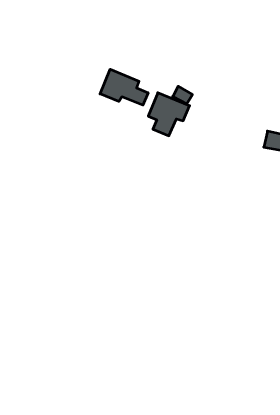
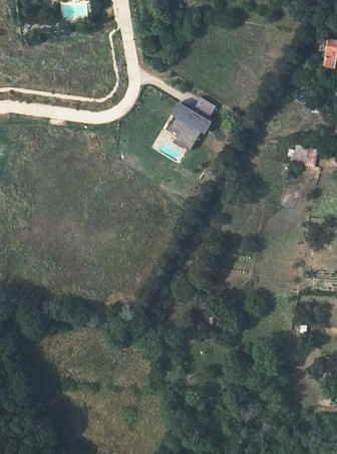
building: [100,69,148,105] -> none

